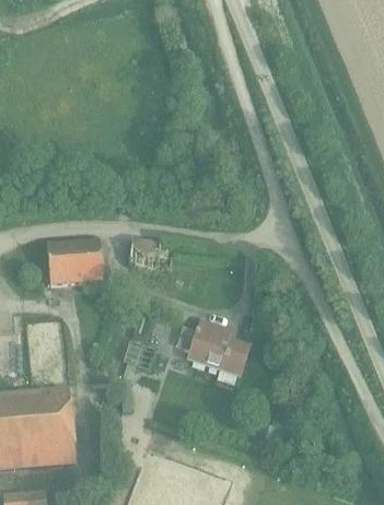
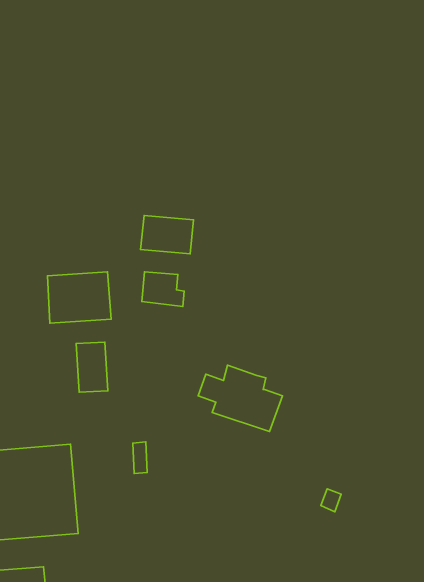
building: none -> [141,216,194,254]
building: none -> [76,342,108,392]

